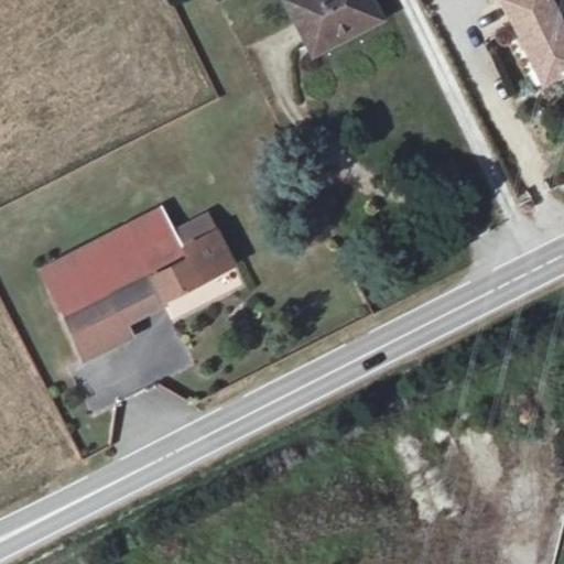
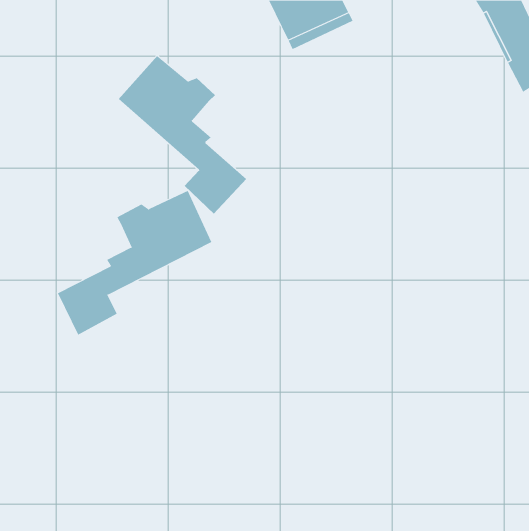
building: none -> [118,55,247,215]
building: [48,238,141,311] -> none

